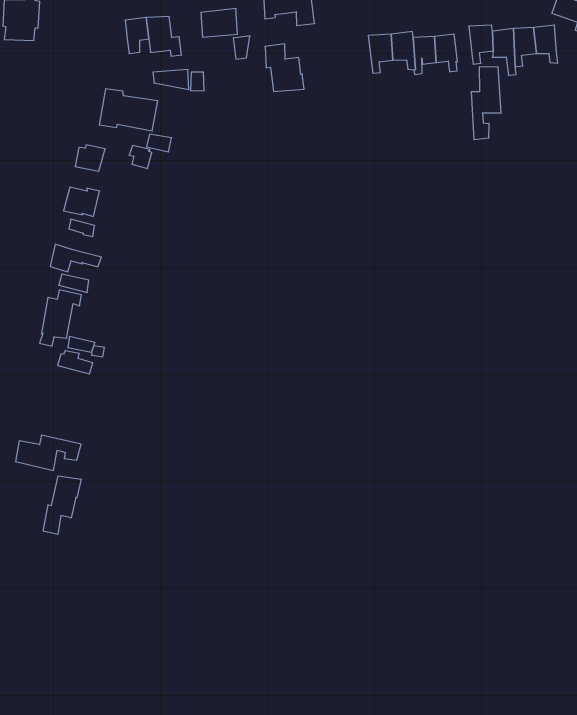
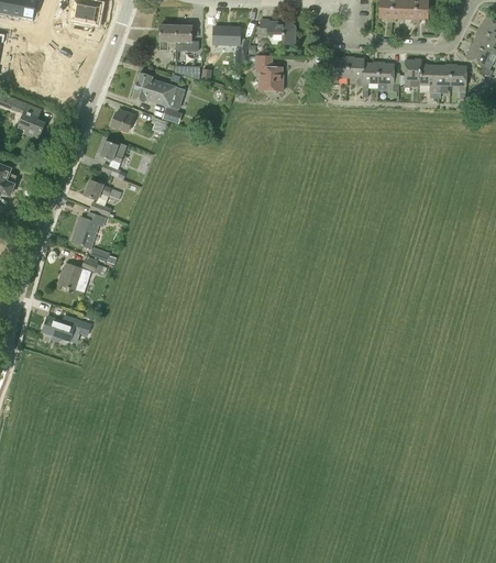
building: [471,67,501,140] -> none
building: none -> [58,264,90,291]
building: [43,476,81,534] -> none

